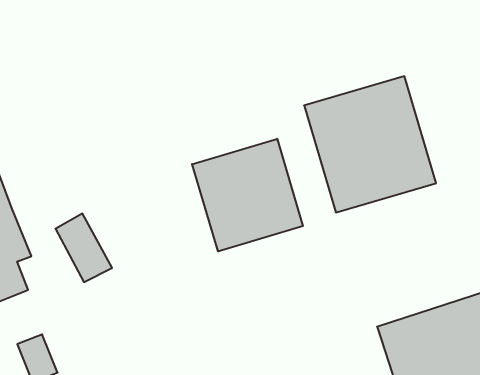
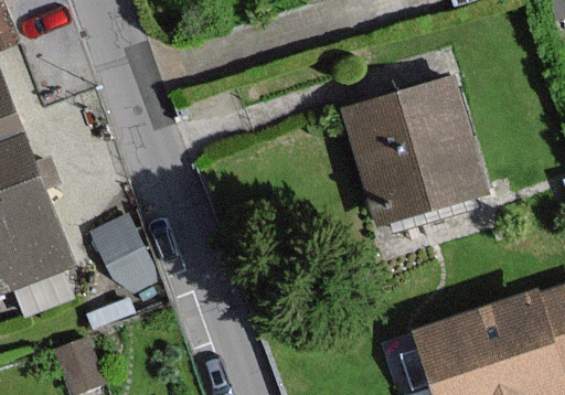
building: [192,139,303,251] -> none

